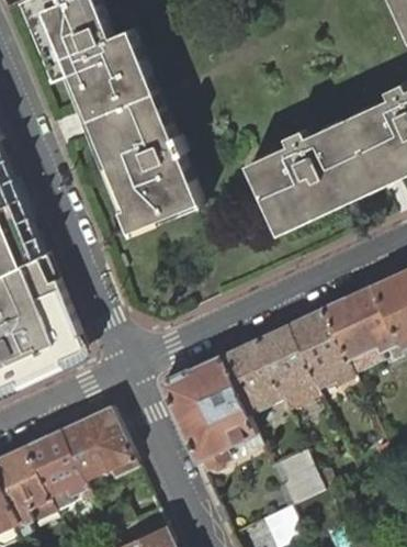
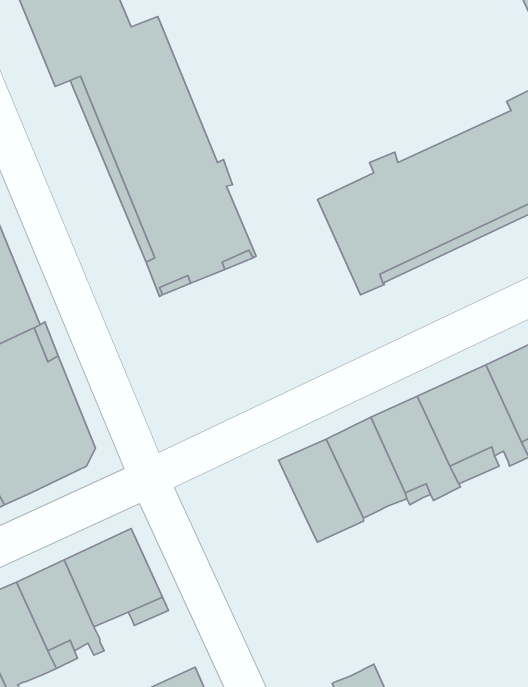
building: [157,357,257,462] -> none
building: [275,451,319,506] -> none

